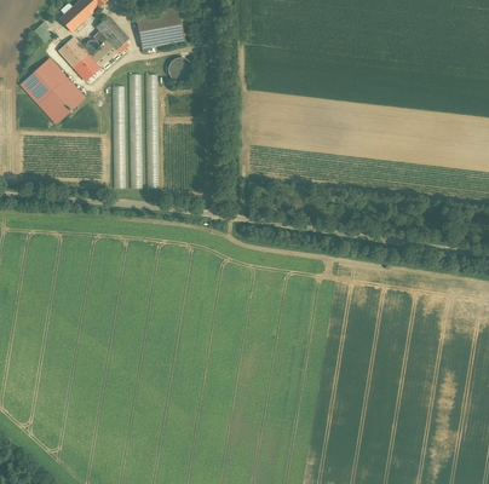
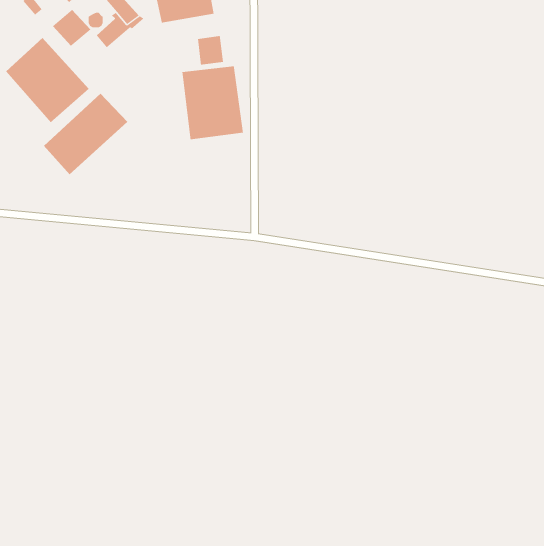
building: none -> [182,66,243,140]
building: none -> [43,93,128,175]

